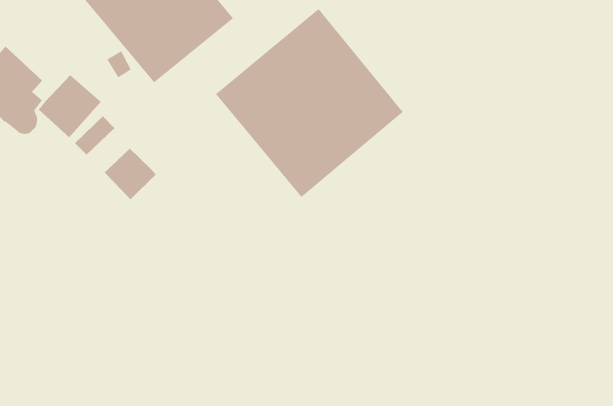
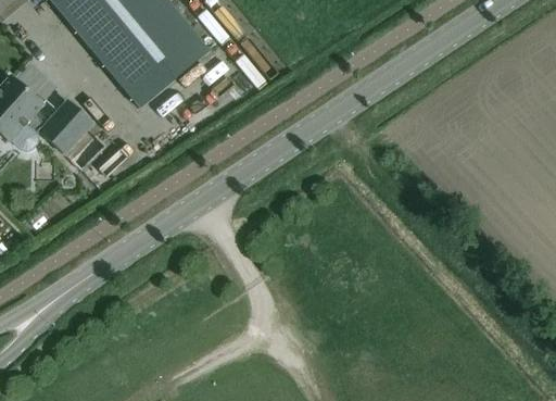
building: [215,8,404,198] -> none
building: [104,148,157,200] -> none

